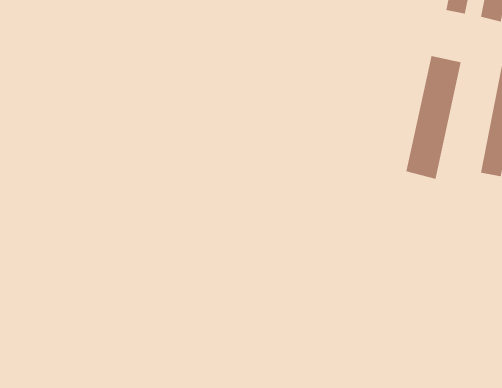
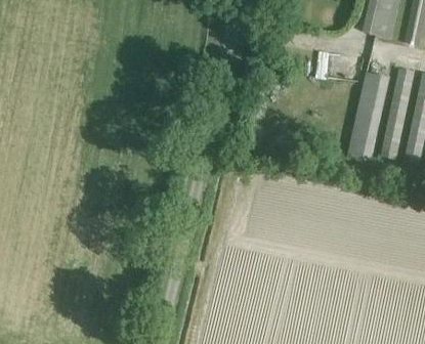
building: none -> [381,67,415,160]

